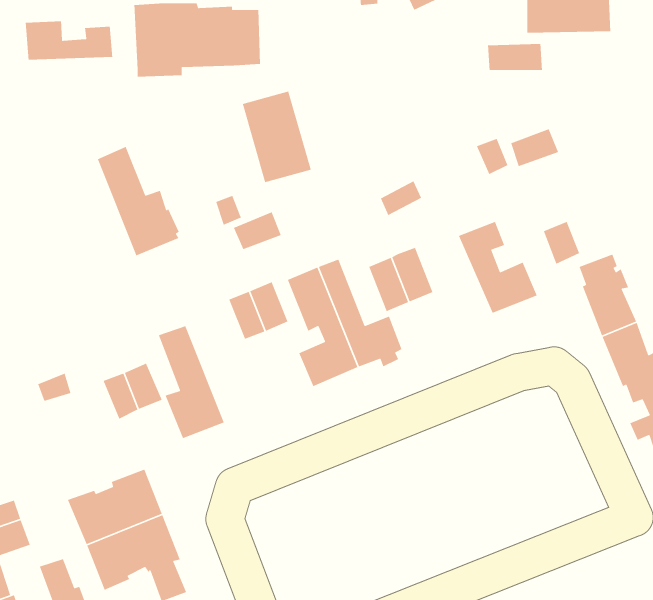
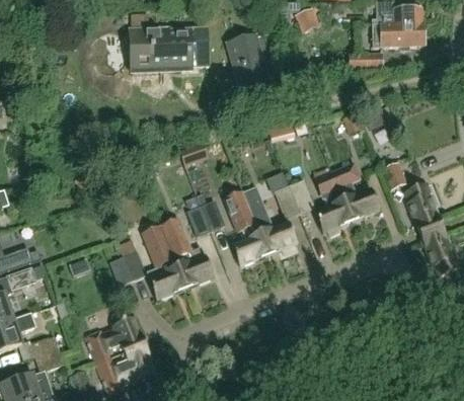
building: [25,20,113,61] -> none
building: [242,90,312,183] -> [226,33,269,91]
building: [97,146,180,257] -> [160,219,212,288]
building: none -> [314,169,351,234]

